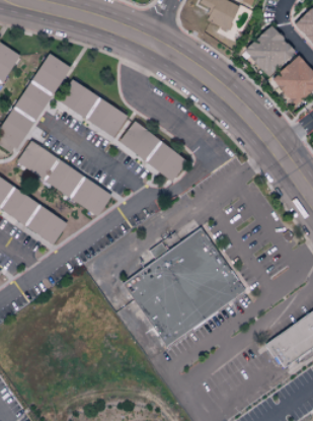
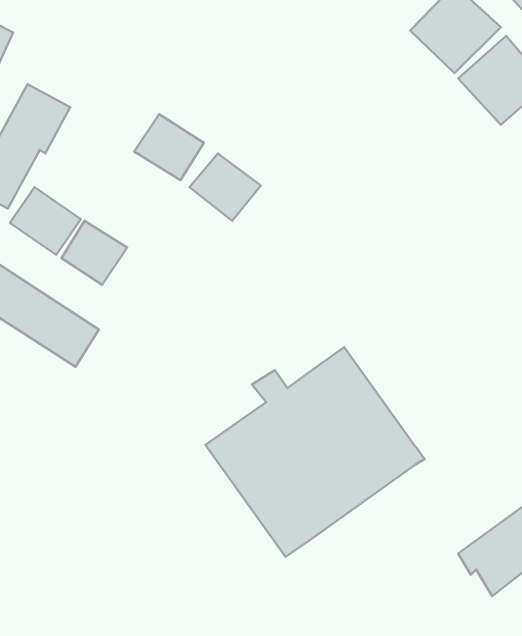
building: [31,53,71,94] -> none
building: [58,80,97,118] -> none
building: [147,143,186,182] -> none
building: [71,178,111,217] -> none

